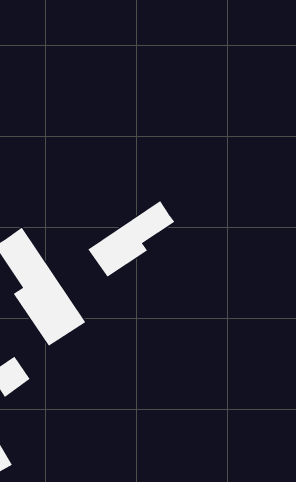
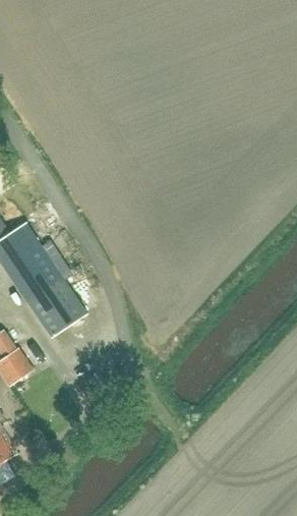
building: [87,200,175,278] -> none

